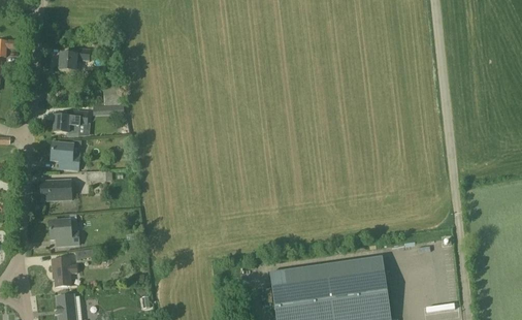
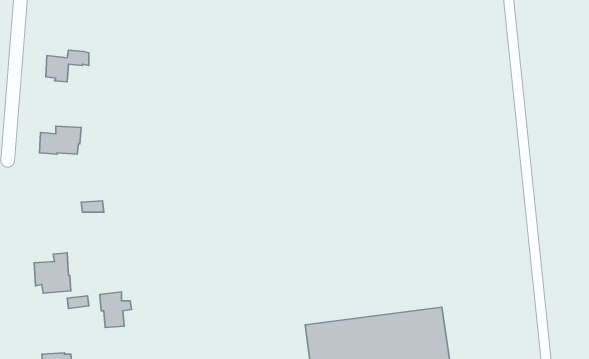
building: [51,141,79,168] -> none
building: [40,179,71,199] -> none
building: [52,256,77,285] -> [100,292,132,327]

